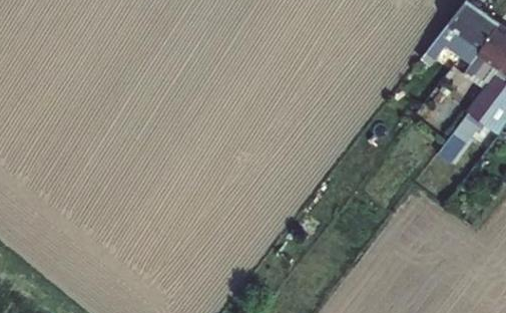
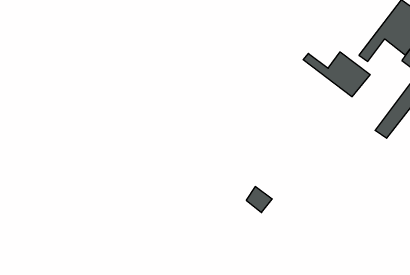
building: none -> [303,52,370,97]

